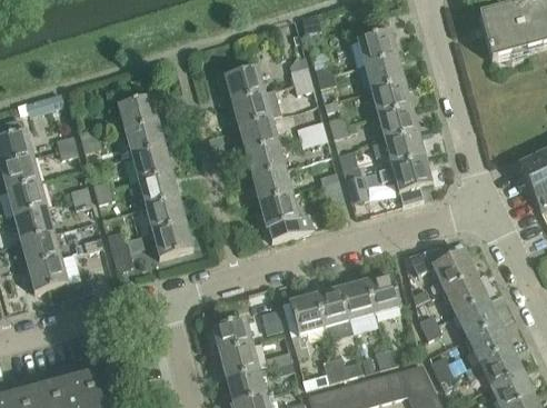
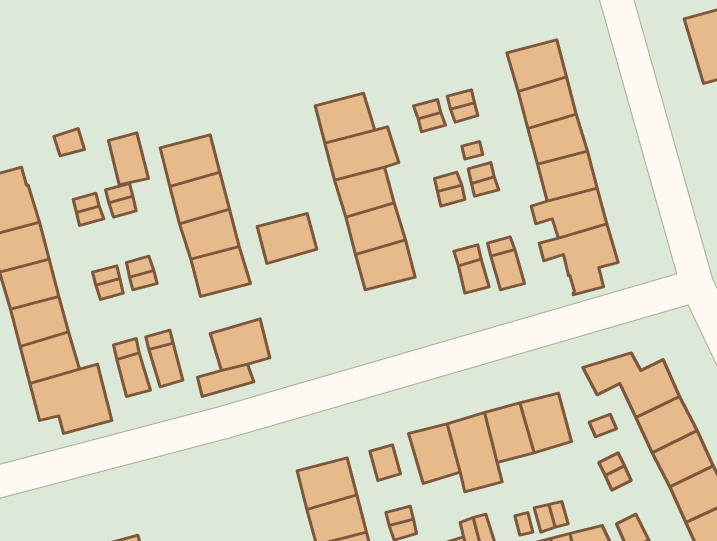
building: none -> [108,133,149,185]
building: [258,192,314,240] -> none
building: [145,197,186,231] -> [257,214,317,264]

